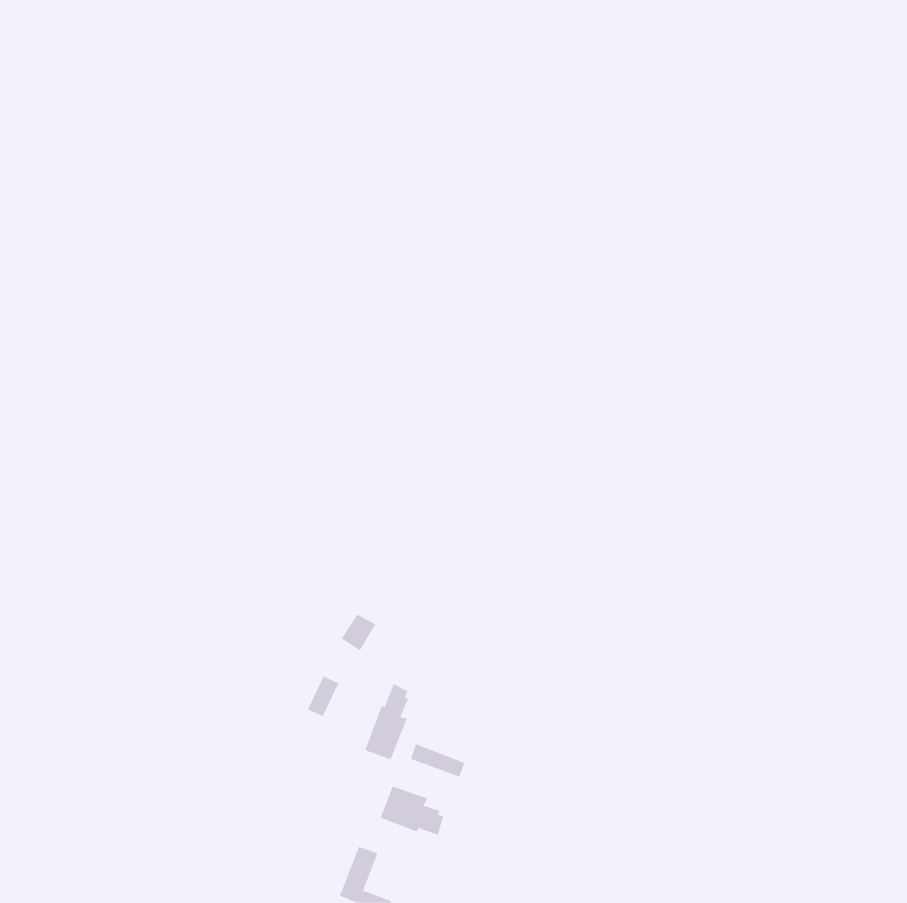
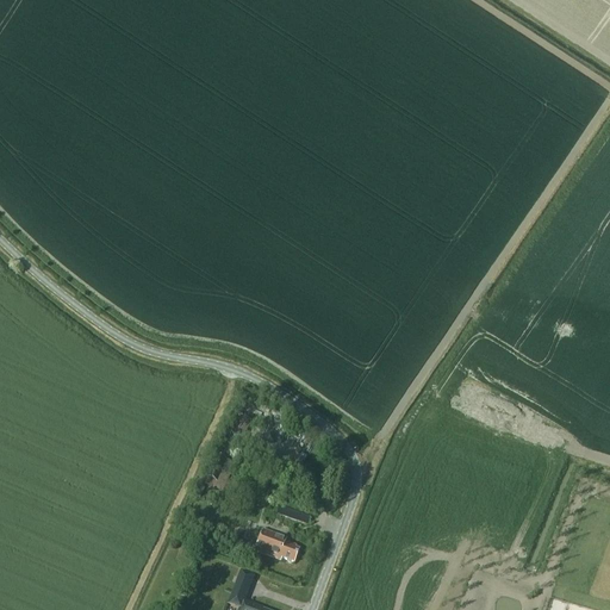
building: [365,683,409,760] -> none

